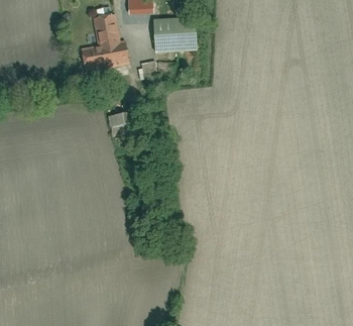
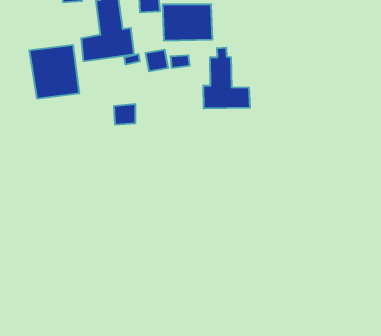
building: none -> [30,45,79,99]
building: none -> [203,48,250,109]

